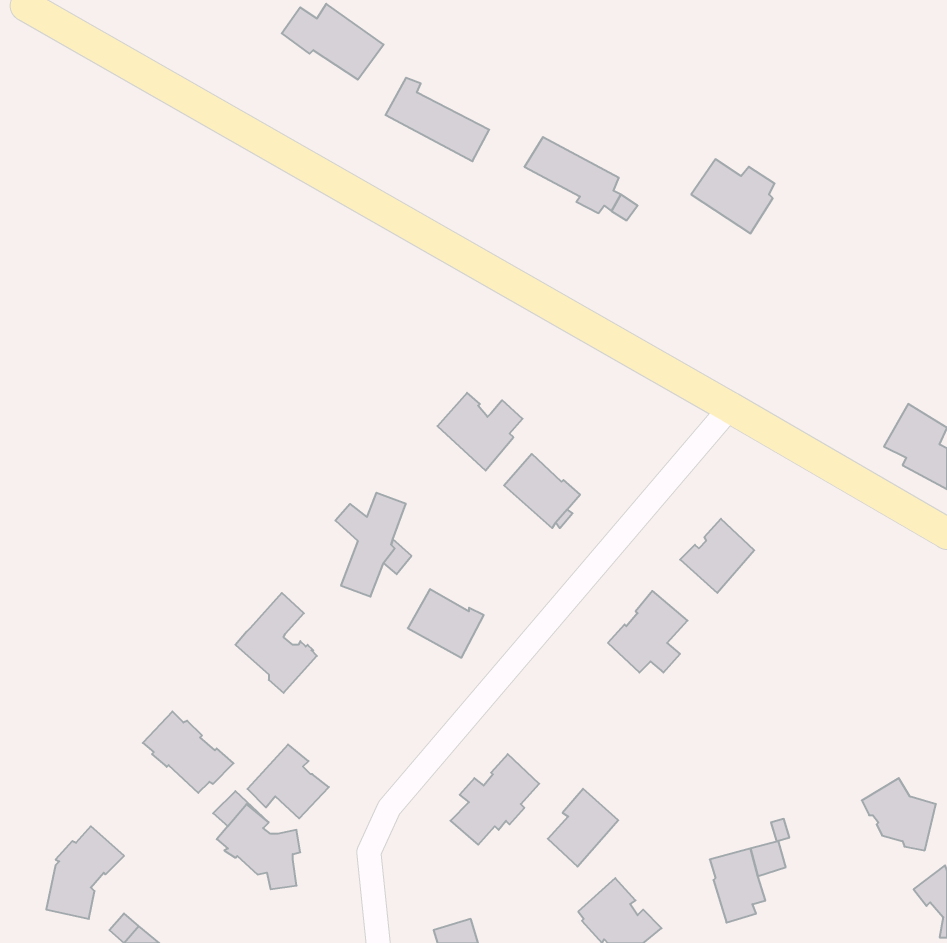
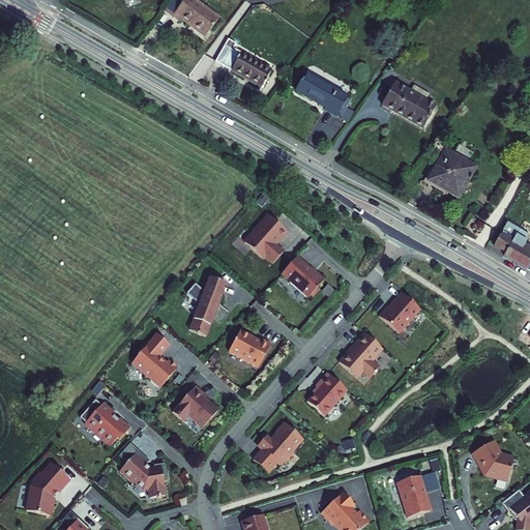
building: none -> [429,156,477,205]
building: [247,744,329,818] -> [174,384,219,425]
building: [548,789,618,867] -> [307,372,347,415]

